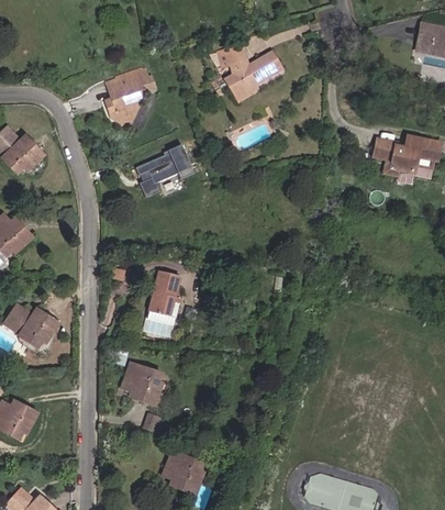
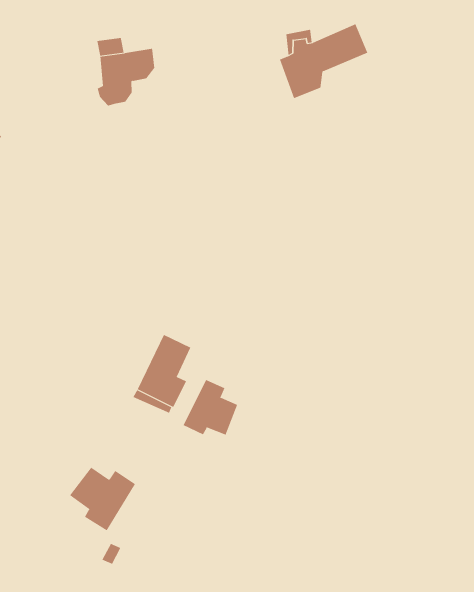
building: [135,143,194,197] -> none
building: none -> [183,379,238,436]

